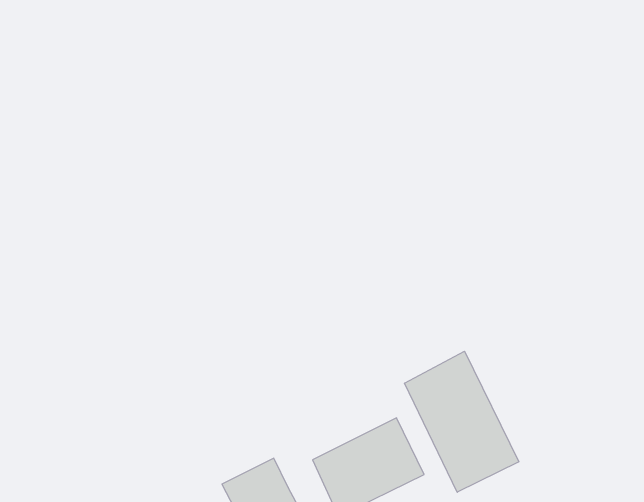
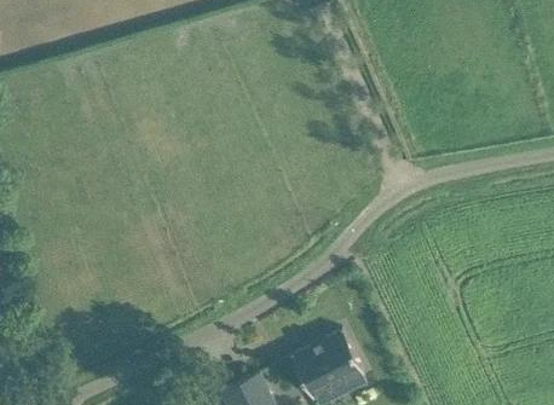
building: [405,351,519,492] -> none

